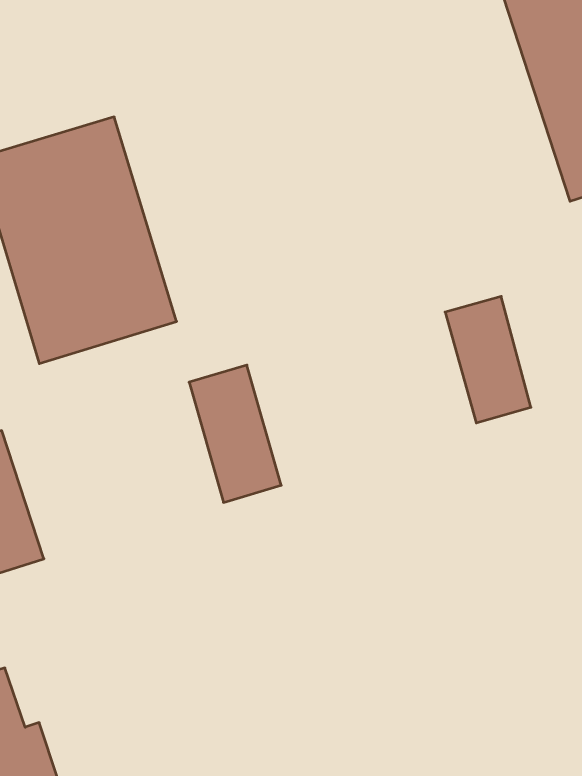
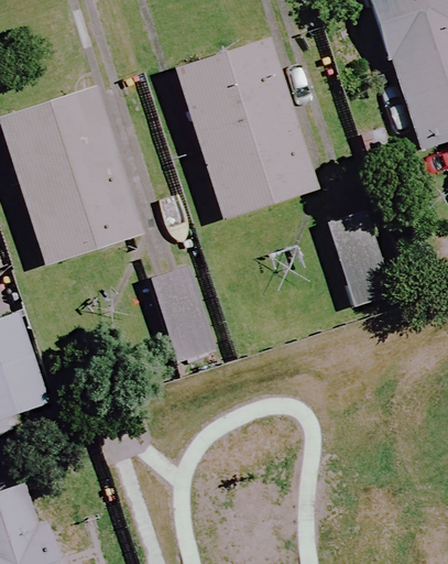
building: none -> [176,40,316,218]

